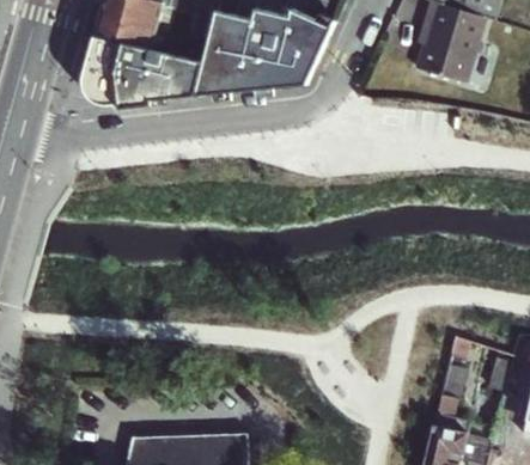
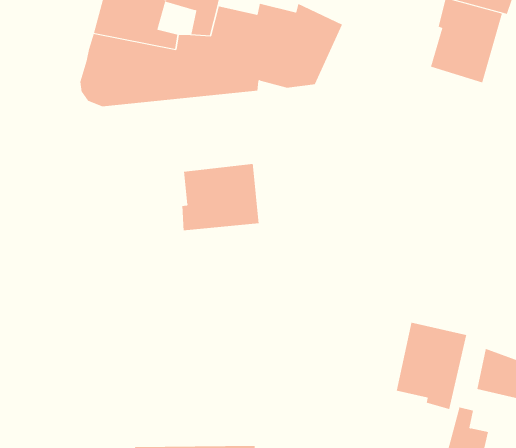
building: none -> [182,163,259,231]
building: none -> [396,322,467,410]

